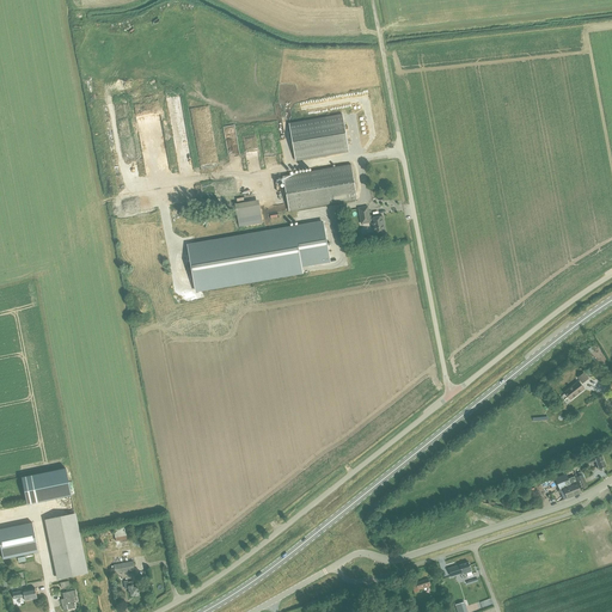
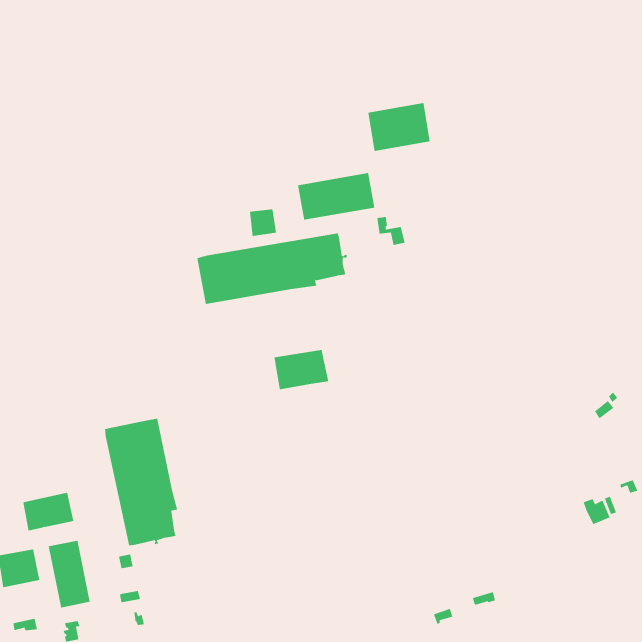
building: [288,114,348,160] -> [368,102,430,152]
building: none -> [274,349,329,390]
building: none -> [105,418,178,546]

